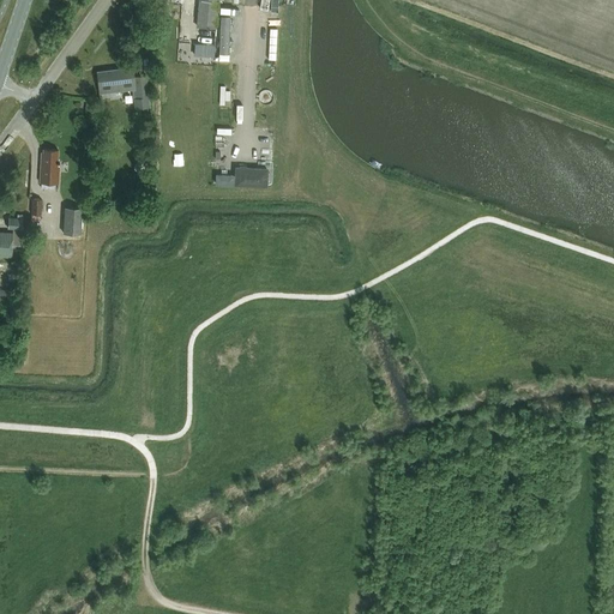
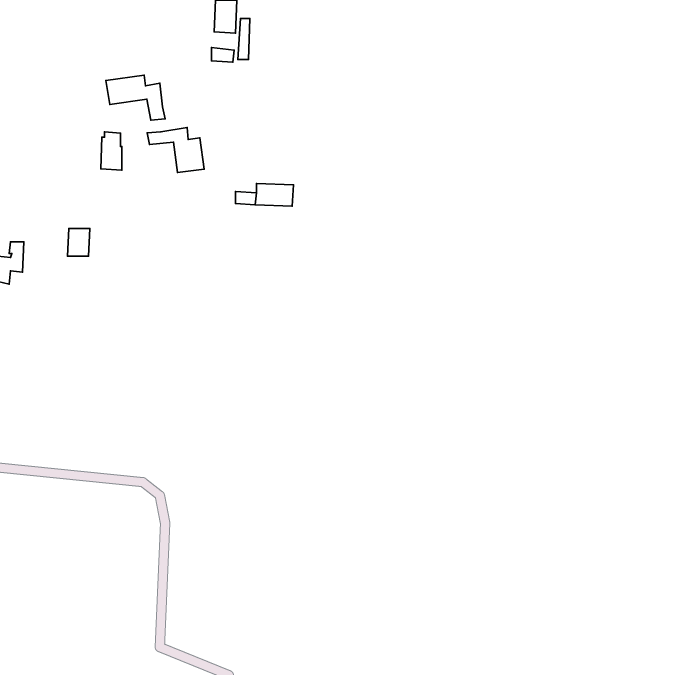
building: none -> [147,128,204,172]
building: [38,150,58,185] -> [101,132,122,170]

